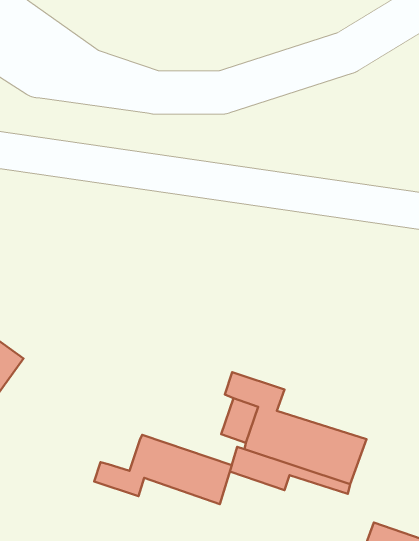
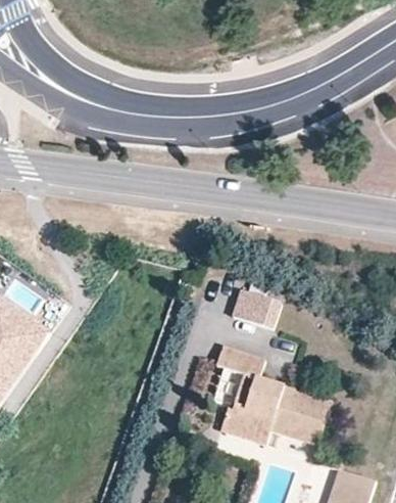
building: none -> [232,290,281,329]
building: [94,435,232,504] -> none

